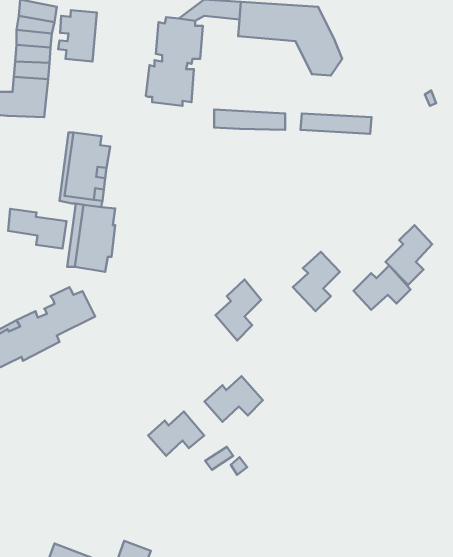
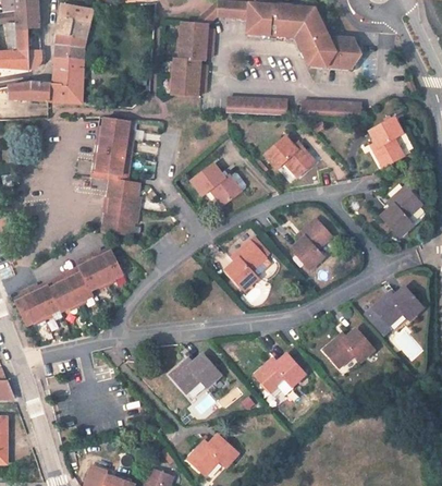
building: [58,10,97,61] -> none
building: none -> [327,36,363,68]
building: none -> [375,112,408,162]
building: none -> [270,131,320,170]
building: none -> [195,162,245,203]
building: [8,209,66,248] -> none
building: [354,266,411,310] -> [370,287,419,325]
building: [205,376,263,422] -> [251,354,302,393]
building: none -> [321,329,370,368]
building: none -> [188,436,236,475]

